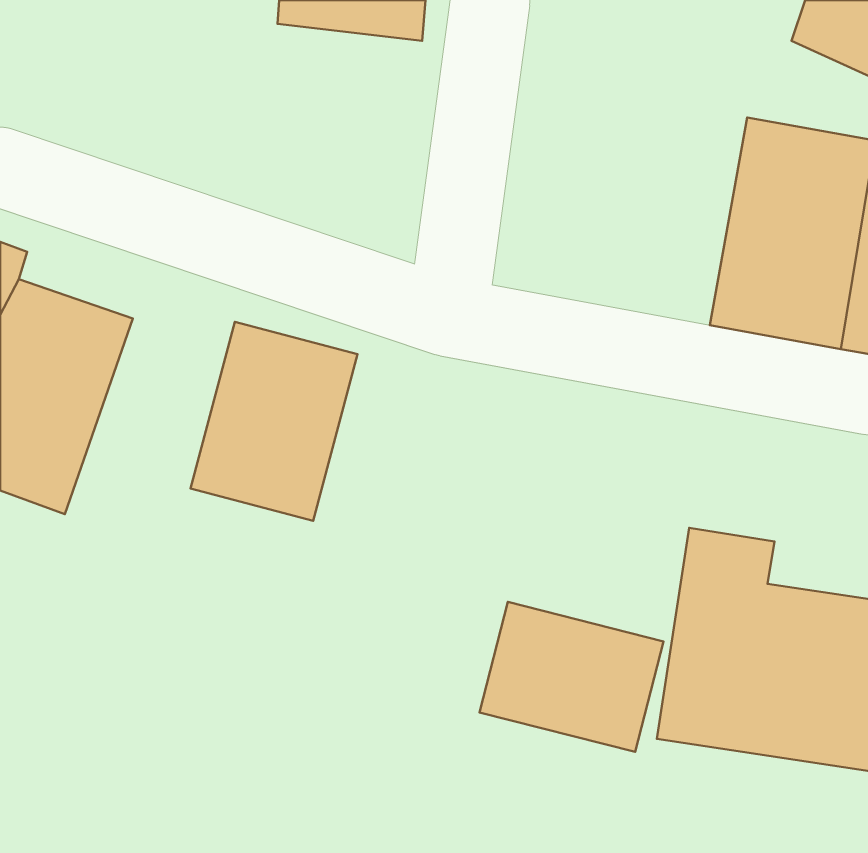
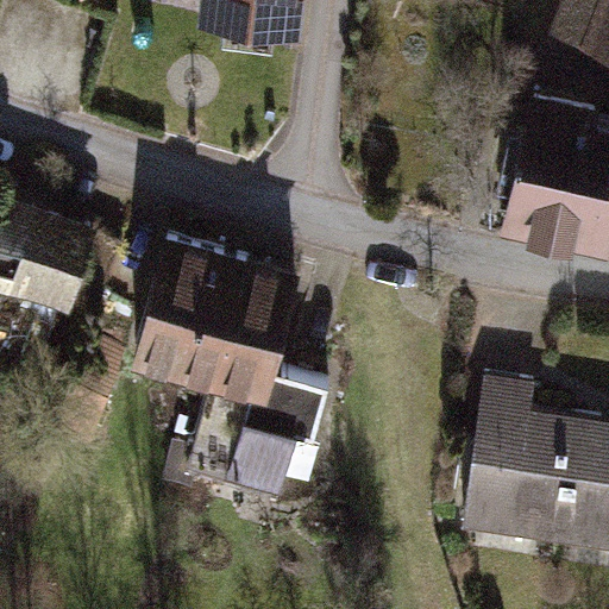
building: none -> [199,259,329,488]
building: [480,602,663,752] -> none

